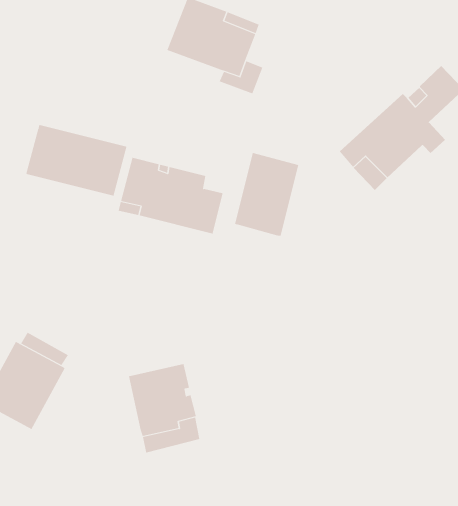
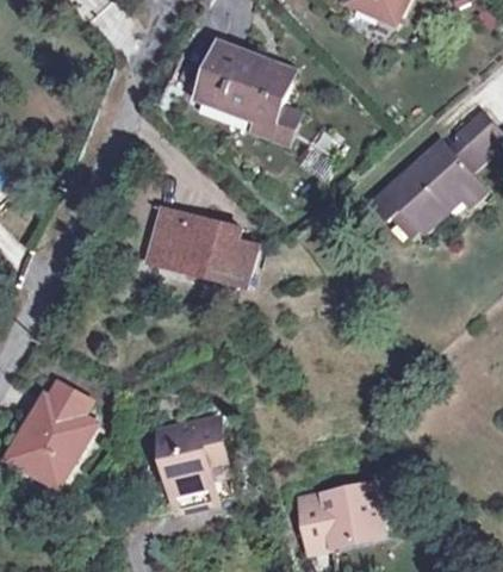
building: [26,124,127,196] -> none
building: [235,152,299,237] -> none
building: none -> [296,483,379,551]

